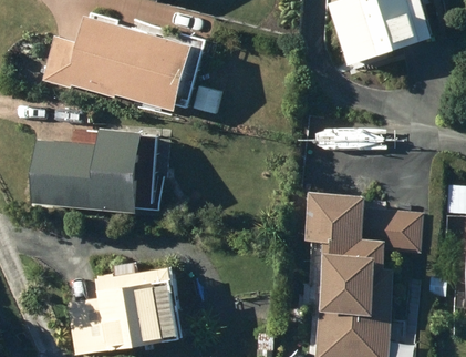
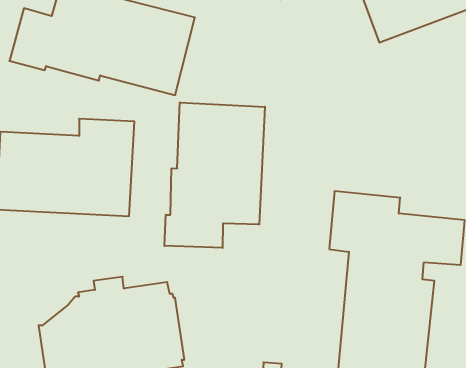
building: none -> [165,102,265,248]

